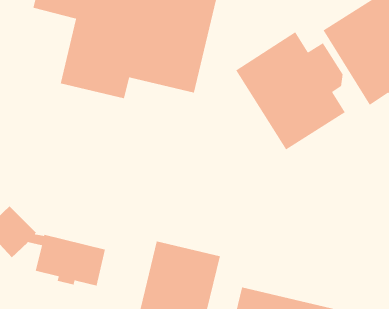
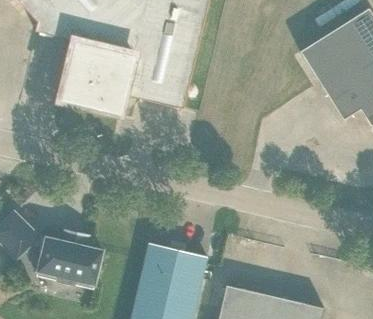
building: [235,31,346,151] -> none

